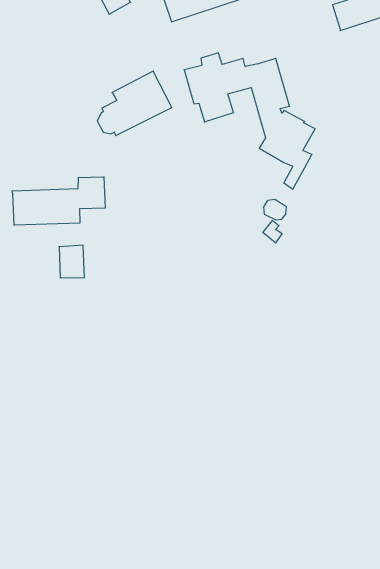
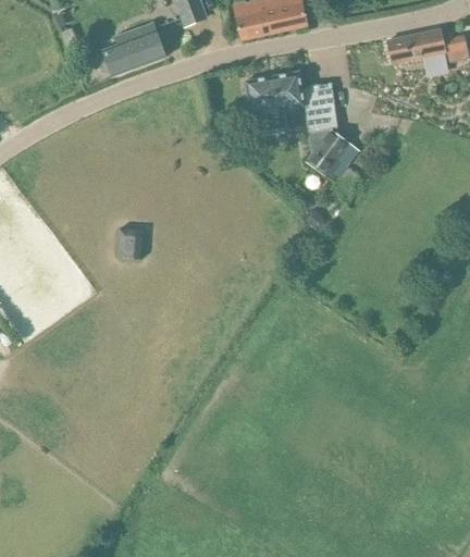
building: [97,71,172,136] -> [98,20,166,74]
building: [12,177,105,225] -> none

